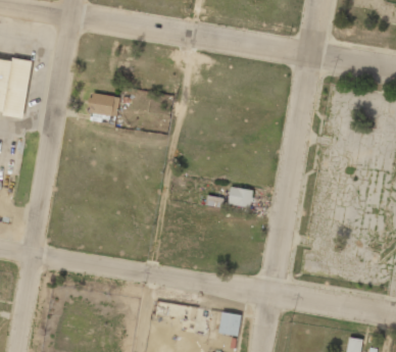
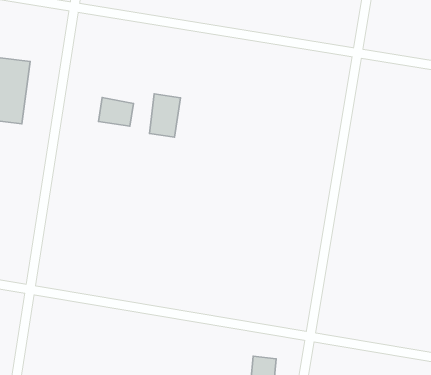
building: none -> [150,94,181,137]
building: [228,187,253,207] -> none

